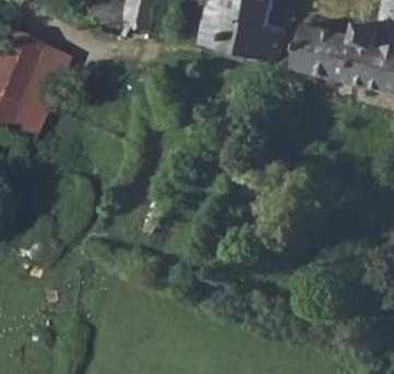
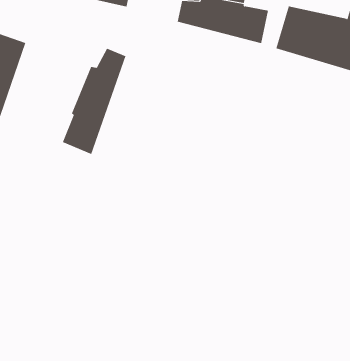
building: none -> [62,48,126,155]

